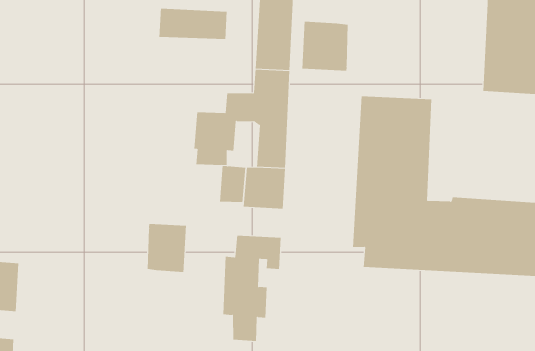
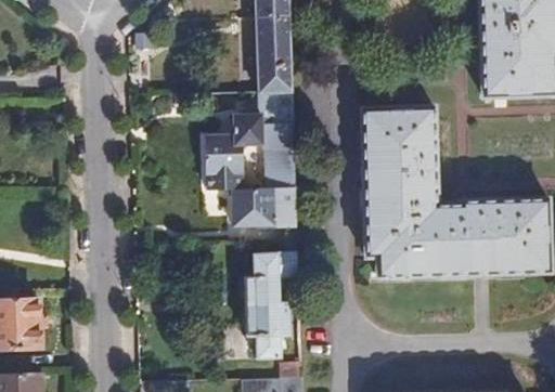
building: [159,8,227,40] -> none
building: [302,21,348,71] -> none
building: [147,223,186,273] -> none

